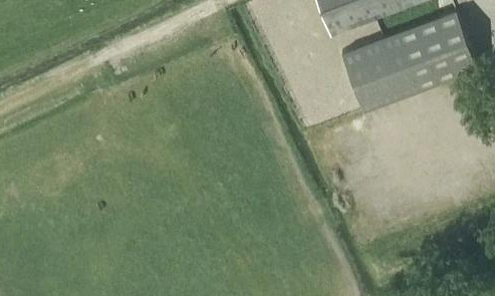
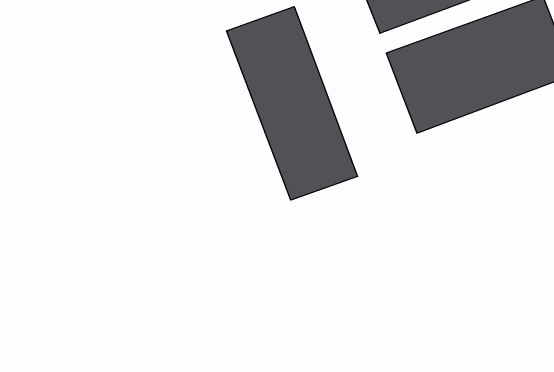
building: none -> [227,7,357,200]

